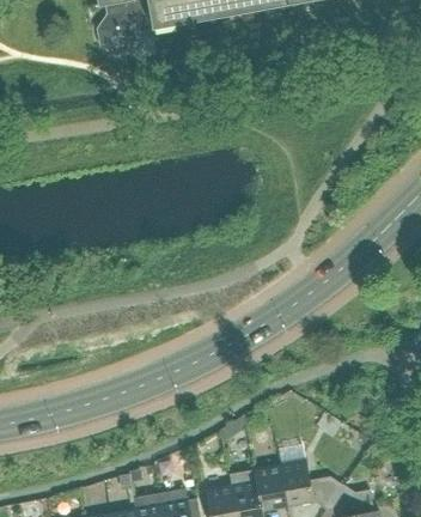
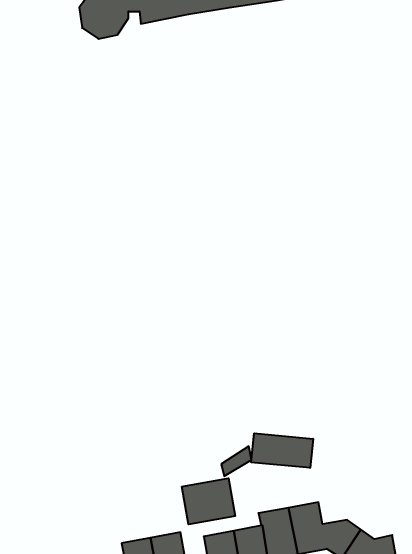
building: none -> [251,433,313,468]
building: none -> [182,478,235,524]

